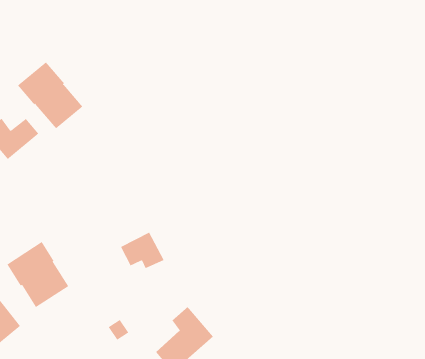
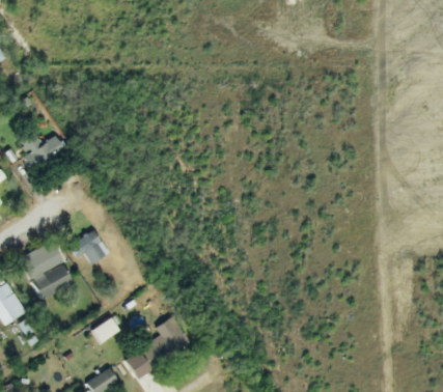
building: [17,61,83,129] -> none
building: [120,232,165,269] -> [71,230,107,261]

